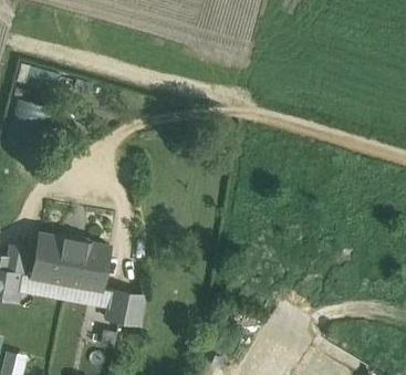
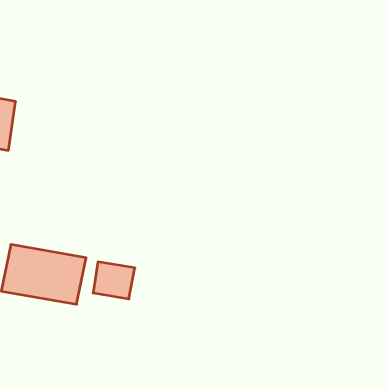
building: [106,291,145,325] -> [93,262,135,299]

